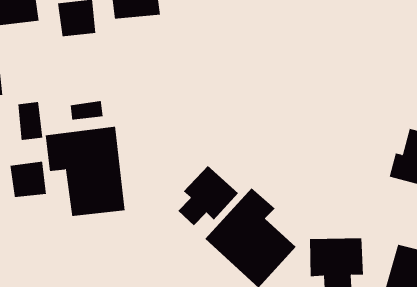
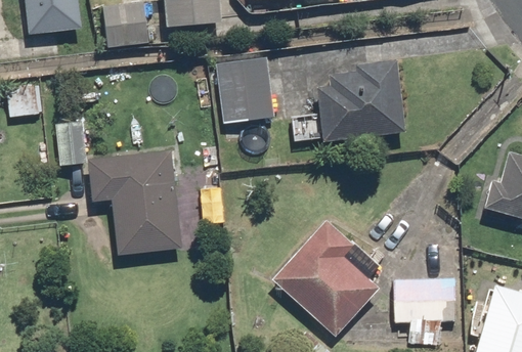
building: none -> [215,57,274,141]
building: none -> [317,59,405,142]
building: [10,161,46,198] -> none
building: [178,165,239,226] -> none

